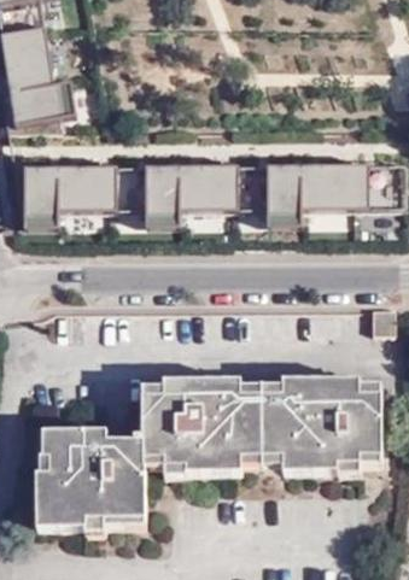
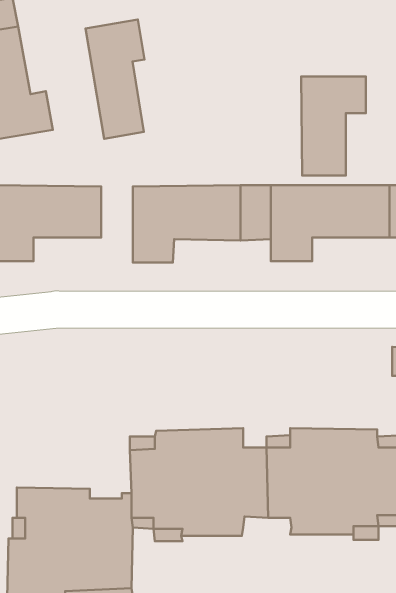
building: none -> [86,19,144,139]
building: none -> [301,77,366,175]
building: [116,165,144,210] -> none

